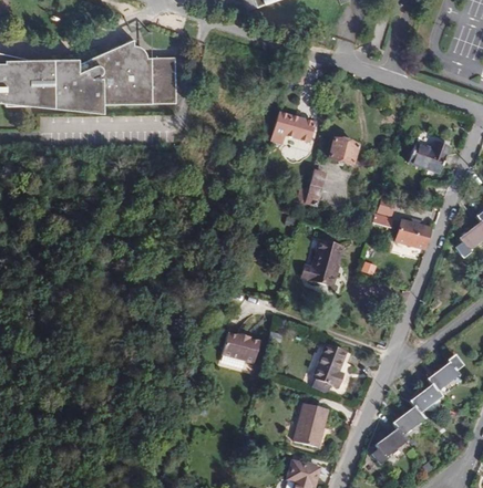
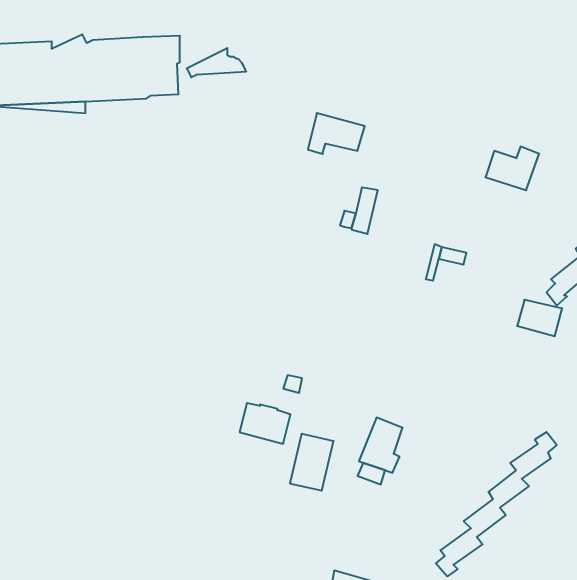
building: [102,38,147,60] -> [187,48,246,77]
building: [328,137,358,163] -> none
building: [395,221,430,249] -> [517,300,562,336]
building: [304,242,345,289] -> none
building: [295,403,328,446] -> [290,434,334,491]

